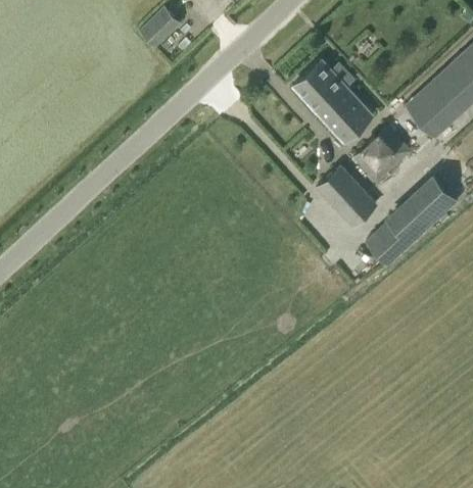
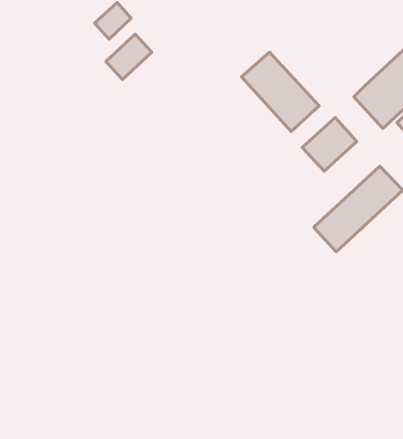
building: none -> [106,34,152,79]
building: [316,166,377,229] -> none

